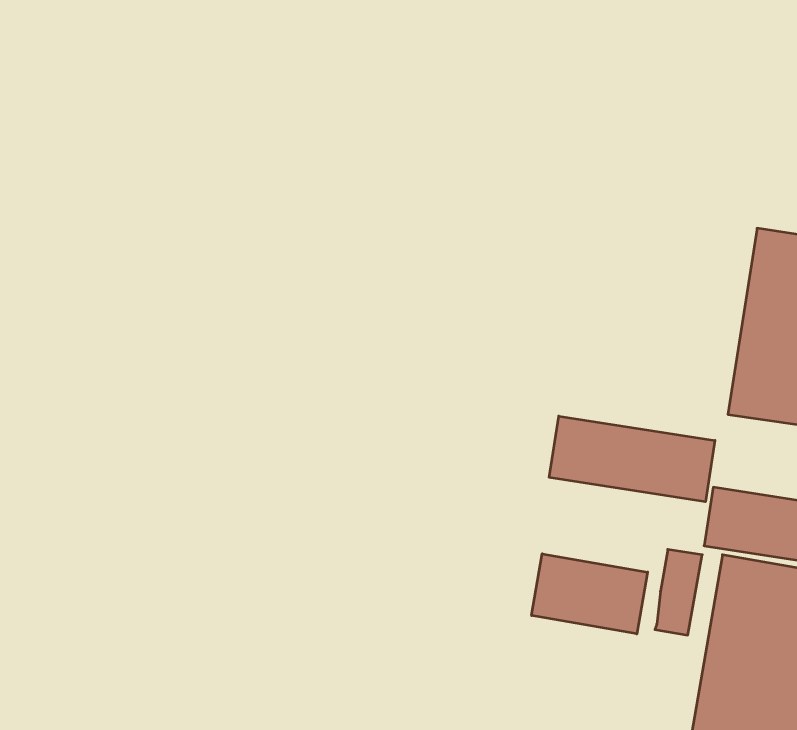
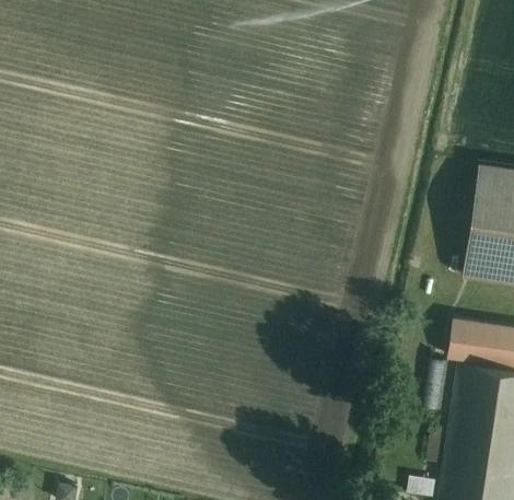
building: [549,416,715,502] -> none
building: [532,554,648,634] -> none

